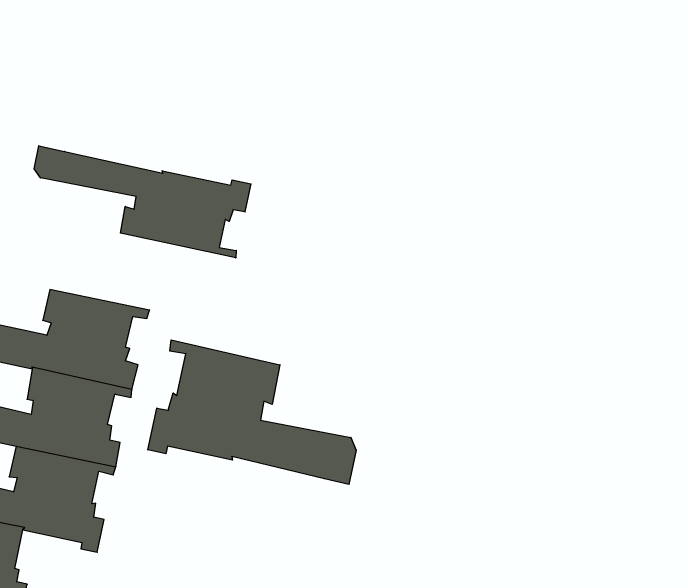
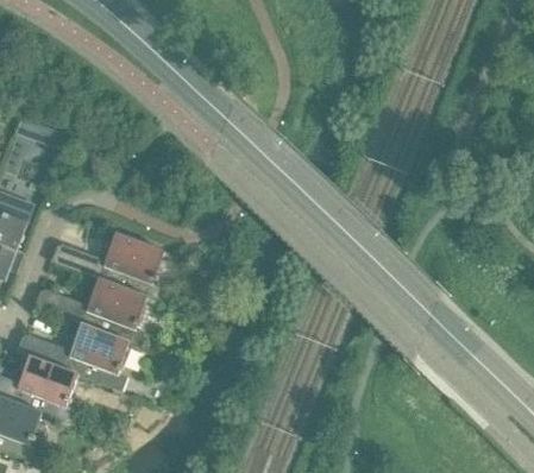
building: [34,146,251,258] -> none
building: [148,340,356,484] -> none

